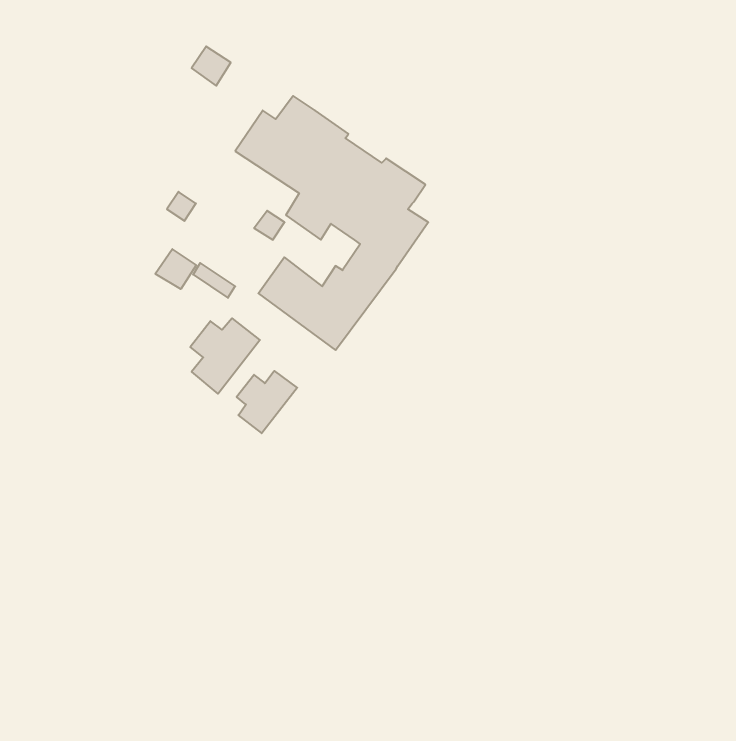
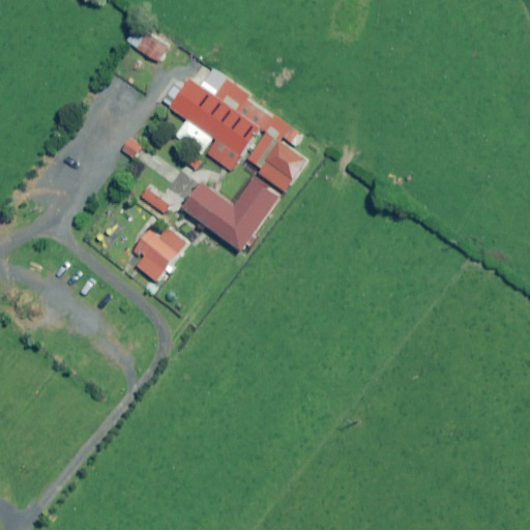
building: [155,249,196,289] -> none
building: [237,371,297,433] -> none

